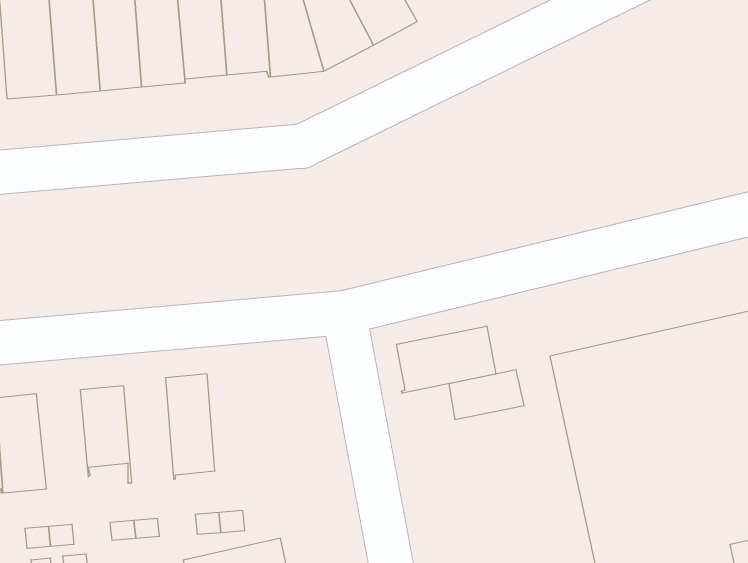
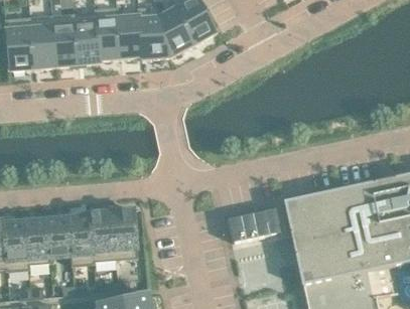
building: [397,326,496,393] -> none
building: none -> [110,207,137,259]
building: none -> [67,211,93,265]
building: none -> [23,217,49,268]

